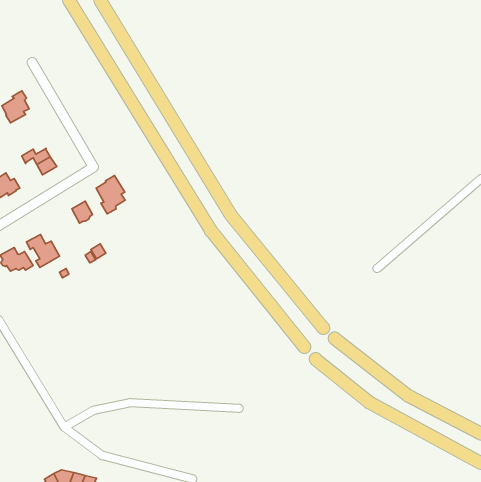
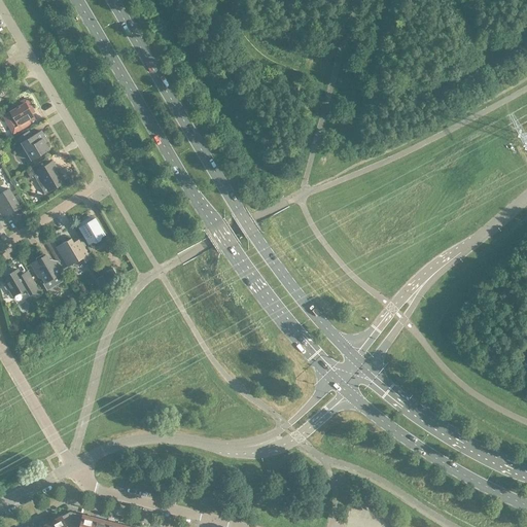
building: none -> [15,132,47,161]
building: [96,176,125,214] -> none
building: none -> [54,239,90,268]

